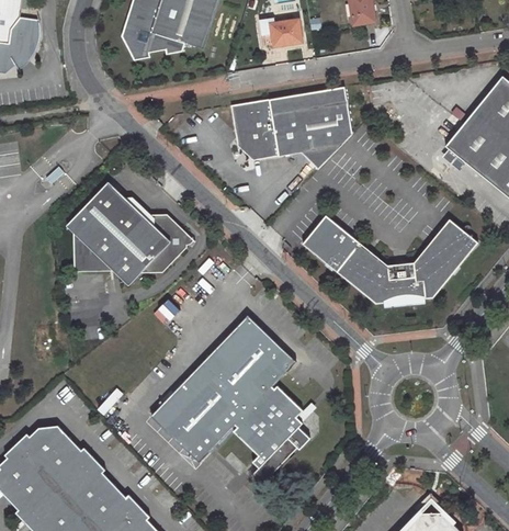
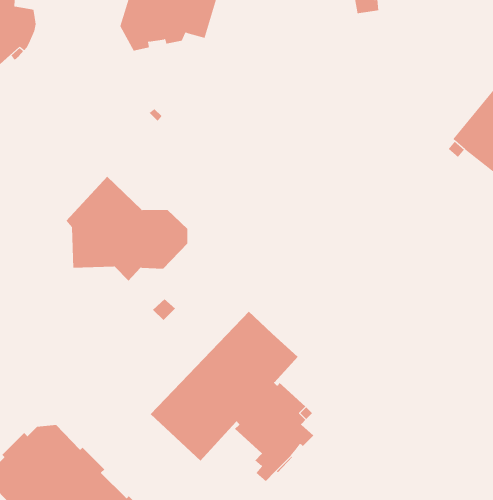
building: [258,18,301,47] -> none
building: [230,88,352,171] -> none
building: [302,214,477,304] -> none

